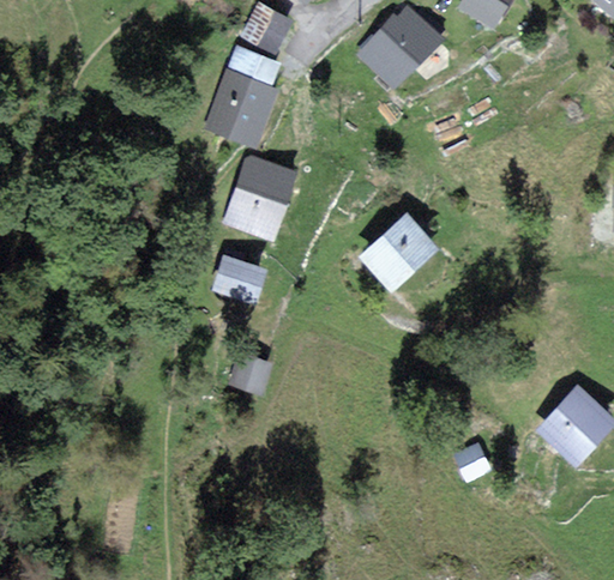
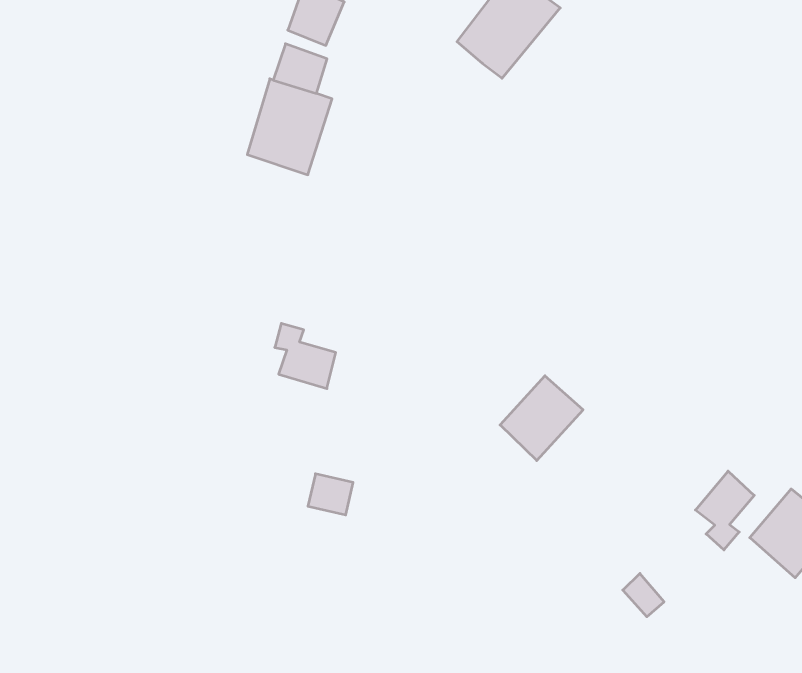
building: [225,158,294,237] -> none
building: [371,220,431,280] -> [500,376,583,461]
building: none -> [695,471,754,550]

